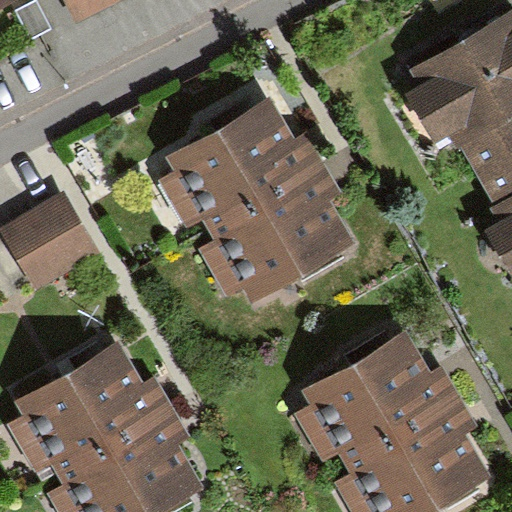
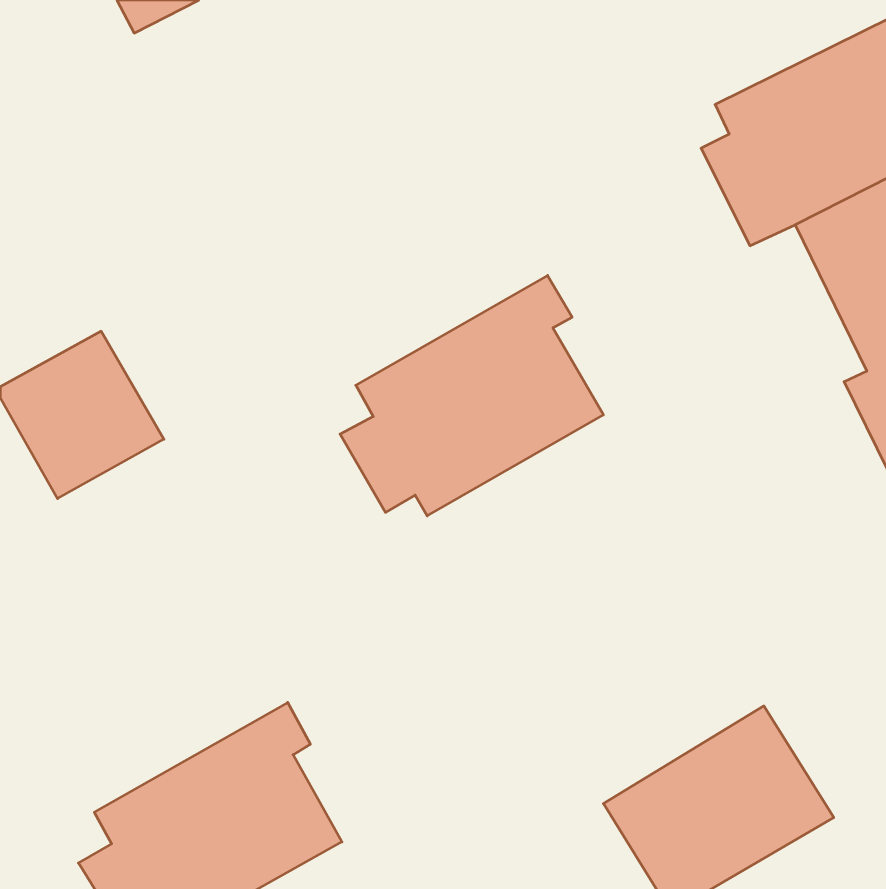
building: [160,105,317,224] -> none
building: [311,342,441,462] -> none
building: [10,350,168,469] -> none

